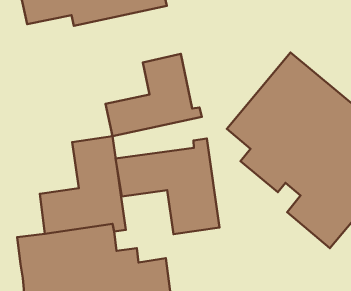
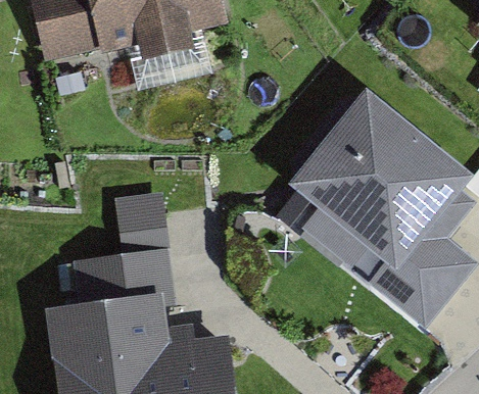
building: [106,54,202,136] -> none
building: [116,138,220,234] -> none

